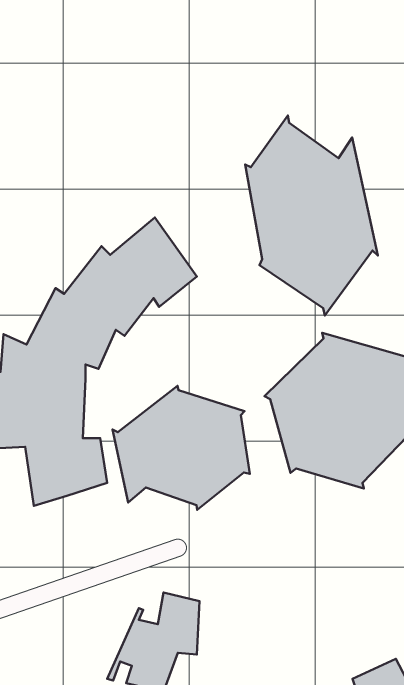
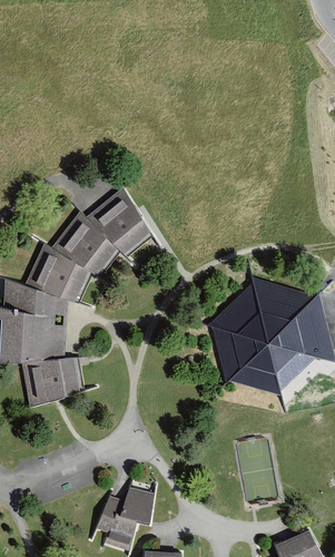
building: [245,115,378,315] -> none
building: [113,386,250,510] -> none

